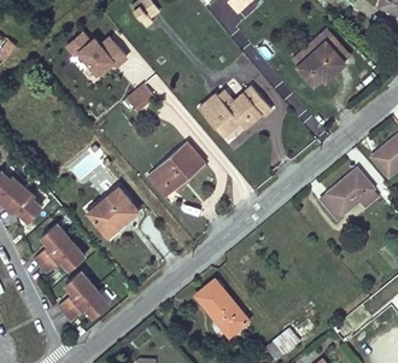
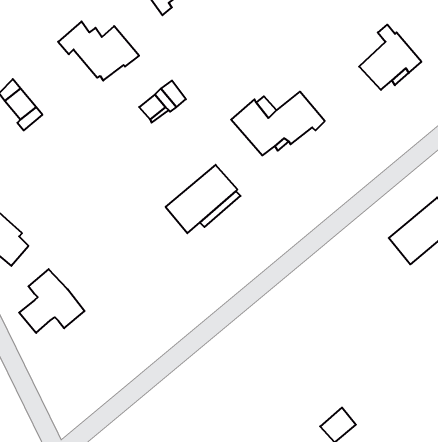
building: [86,187,137,235] -> none
building: [58,270,109,321] -> none
building: [195,279,247,333] -> none

